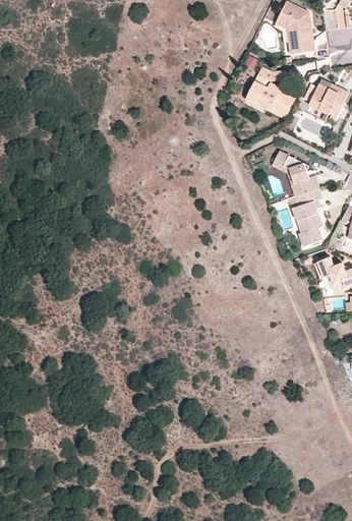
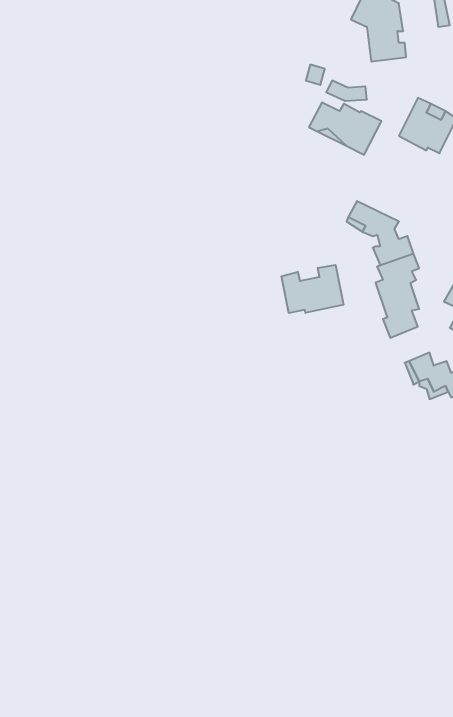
building: none -> [281,265,343,313]

